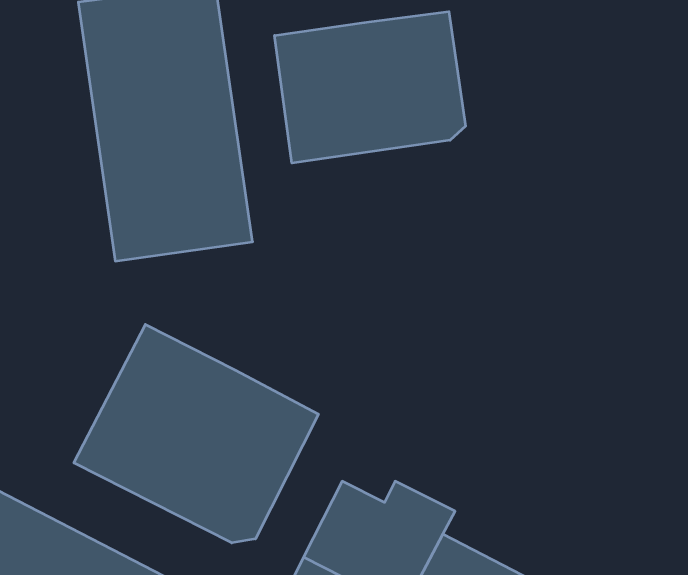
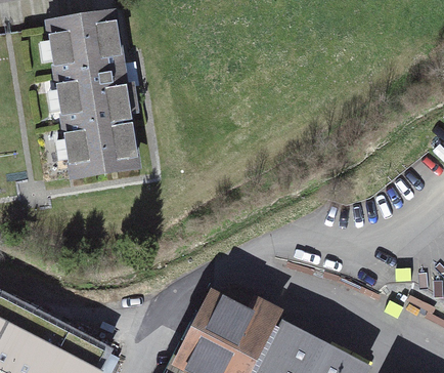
building: [275,12,466,163] -> none
building: [74,324,318,543] -> none

